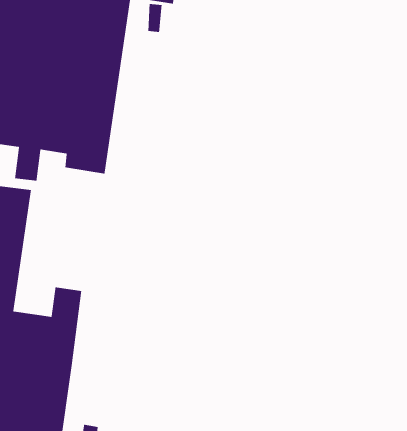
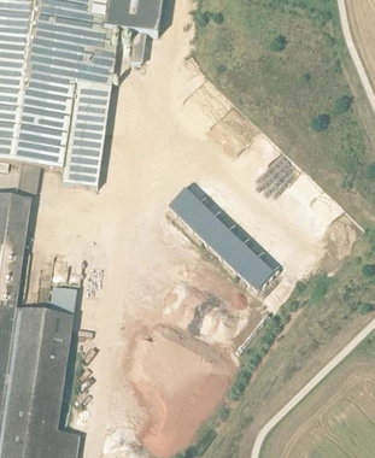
building: none -> [170,188,276,289]

